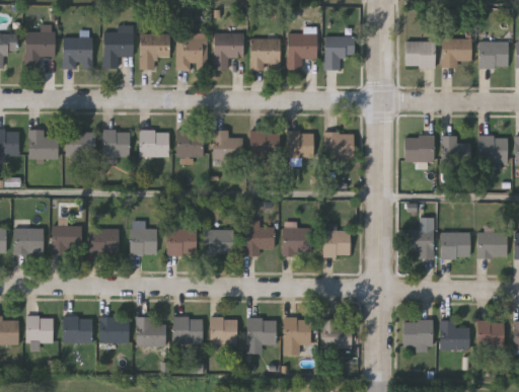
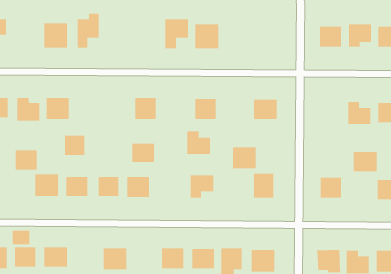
building: [25,31,55,68] -> none
building: [140,33,169,69] -> none
building: [287,34,317,70] -> none
building: [324,36,354,70] -> none
building: [175,37,206,69] -> none
building: [139,131,168,157] -> none
building: [212,131,242,160] -> [186,131,211,154]
building: [286,132,314,158] -> none
building: [102,133,129,158] -> [64,135,85,156]
building: [404,136,434,162] -> none
building: [281,227,311,254] -> [232,147,257,169]
building: [14,229,43,254] -> [15,150,37,170]
building: [204,230,233,254] -> [131,143,155,163]
building: [440,233,470,258] -> [353,152,377,172]
building: none -> [12,230,30,245]
building: [98,318,129,343] -> none
building: [172,318,203,344] -> none

